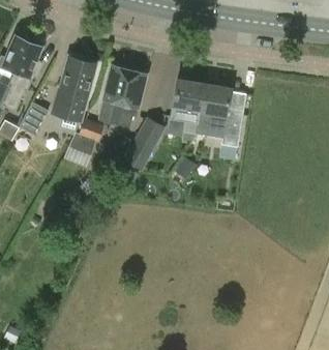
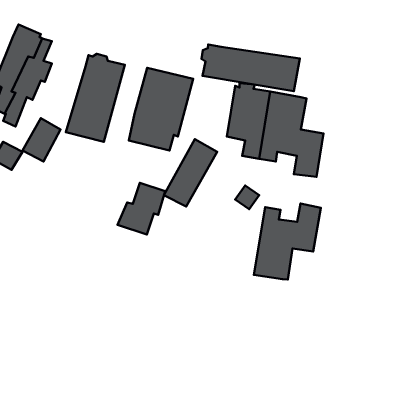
building: none -> [202,44,300,91]
building: [69,118,104,156] -> [117,183,165,235]
building: none -> [254,204,321,279]

